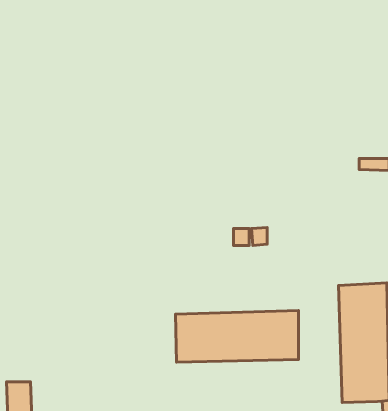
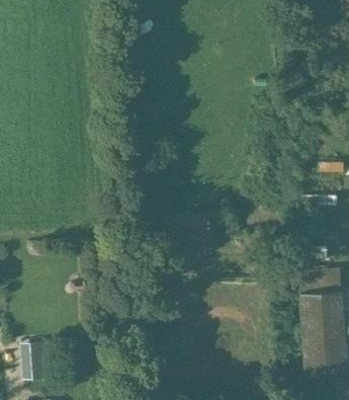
building: [175,310,298,362] -> none

